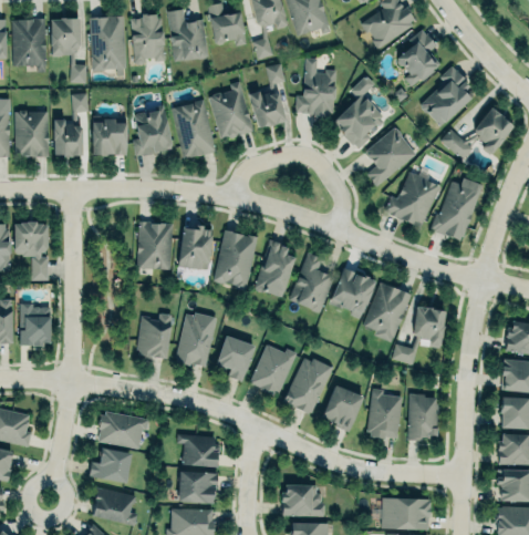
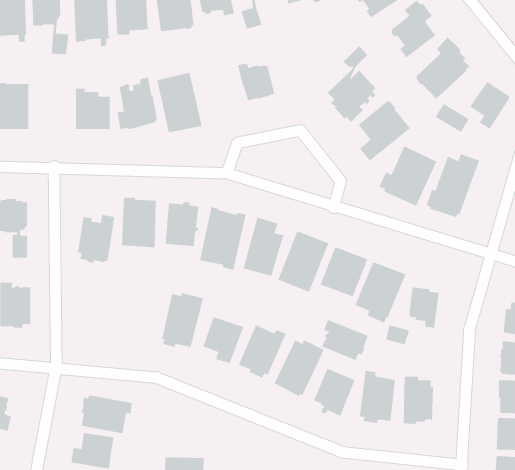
building: [295,56,336,117] -> none
building: [208,81,252,140] -> none
building: [54,92,89,157] -> none
building: [136,312,173,360] -> [77,214,115,264]
building: none -> [322,319,369,361]
building: [176,434,219,466] -> none

